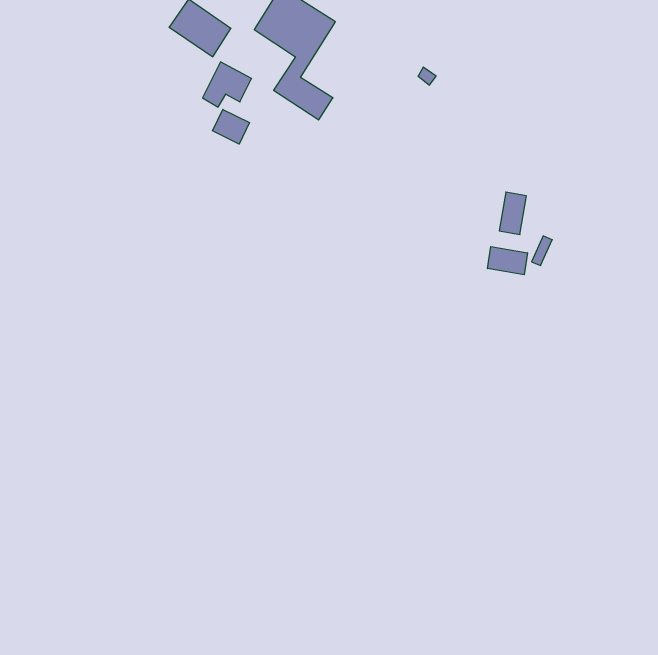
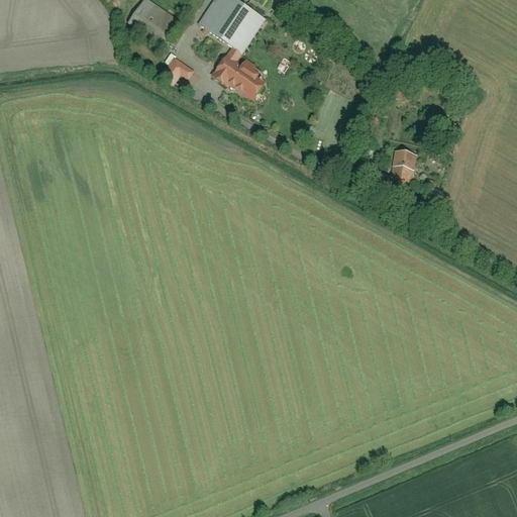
building: [213,109,250,144] -> none
building: [488,247,527,275] -> none

